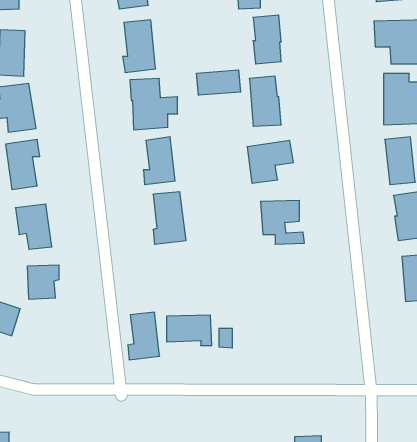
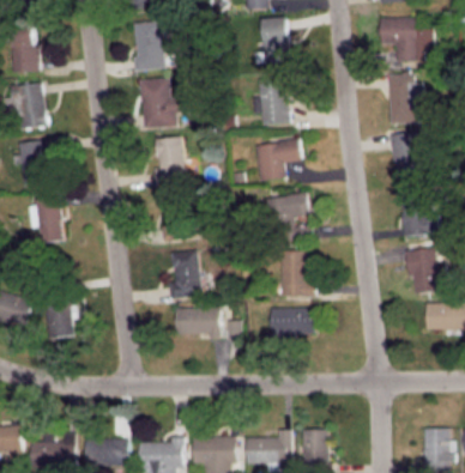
building: [196,70,241,95] -> none
building: none -> [279,251,314,296]
building: [27,265,59,299] -> [44,307,76,340]
building: none -> [270,307,314,339]
building: [128,312,160,360] -> [169,250,200,297]

